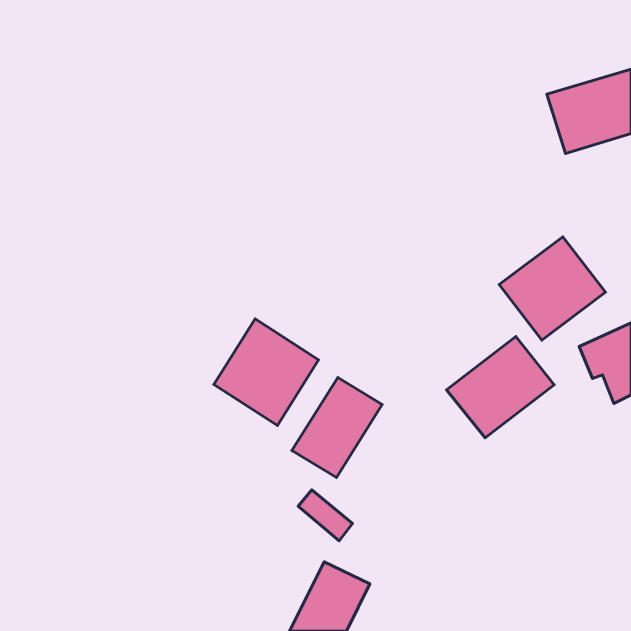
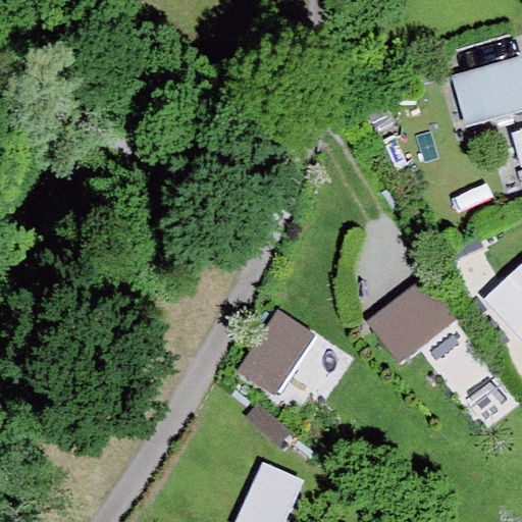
building: [499,237,605,340] -> none
building: [214,319,319,425] -> none

